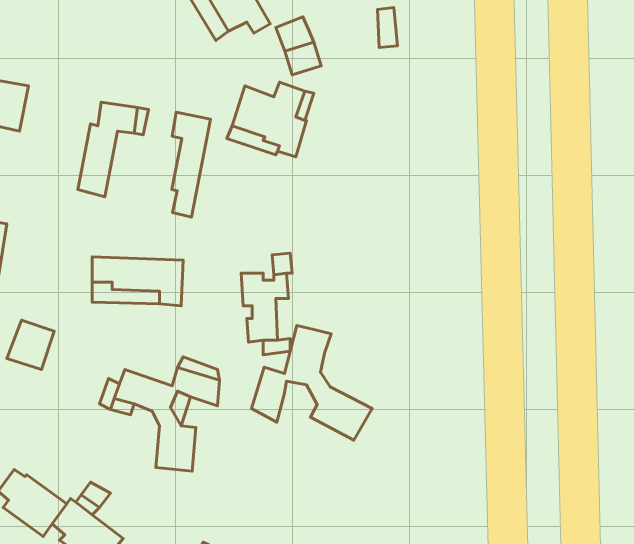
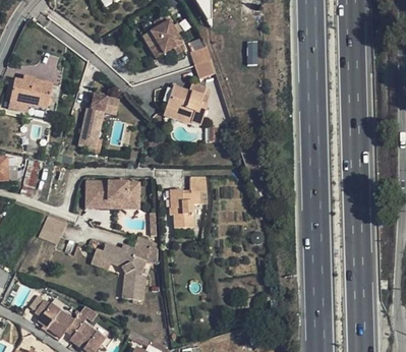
building: [172,112,211,217] -> none
building: [251,325,372,440] -> none

